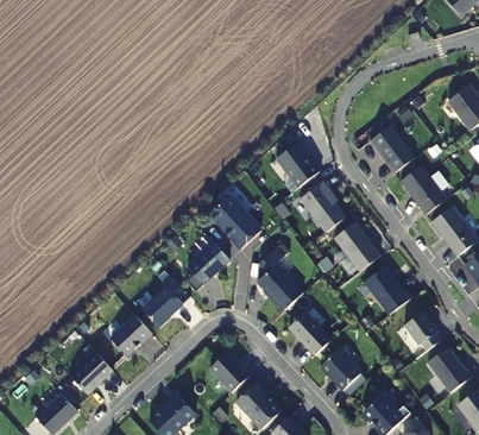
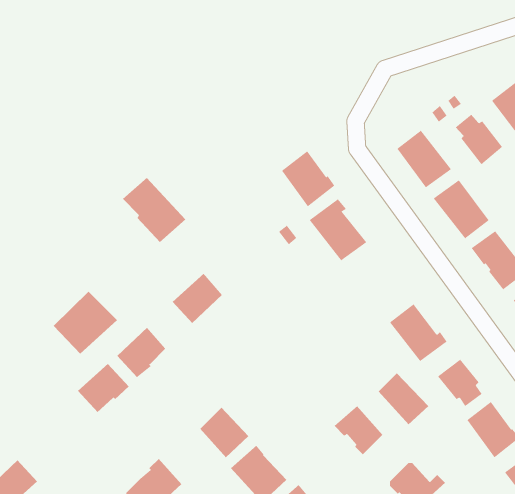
building: none -> [455,114,503,165]
building: [208,195,260,248] -> [122,177,186,243]
building: [334,222,380,271] -> none
building: [257,242,302,310] -> none
building: none -> [53,291,118,355]
building: [289,311,330,354] -> [378,373,429,425]
building: [69,351,112,393] -> none

